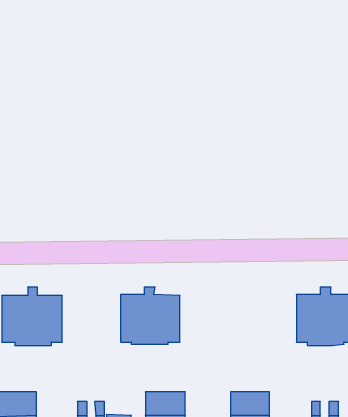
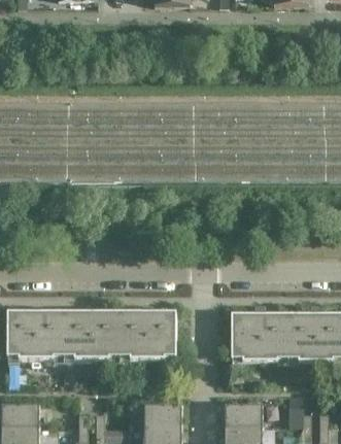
building: none -> [63,304,118,360]
building: none -> [230,304,286,360]

